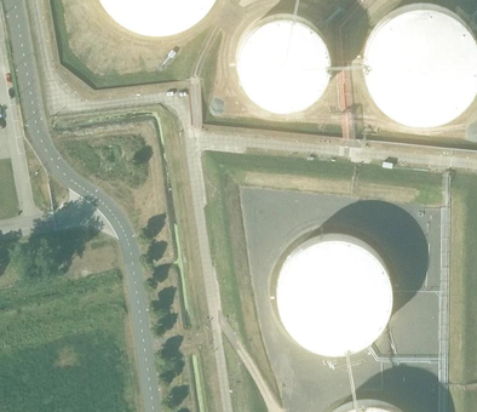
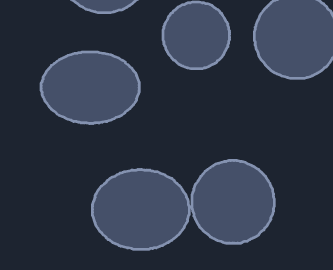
building: none -> [41,52,139,124]
building: none -> [93,169,189,249]

